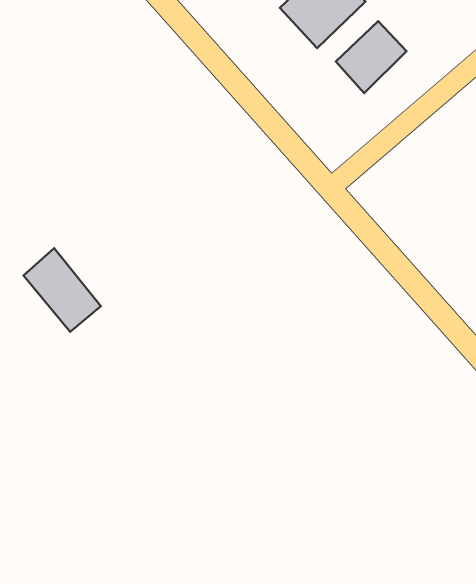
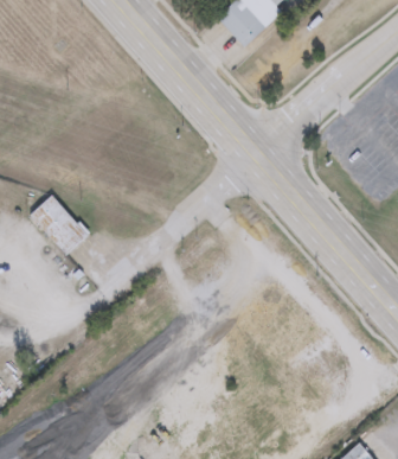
building: [336,21,407,93] -> none

